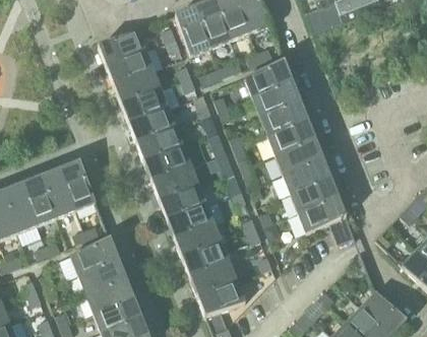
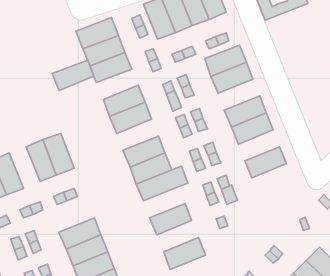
building: [121,88,169,123] -> [52,60,94,91]
building: [260,99,308,135] -> none
building: [144,145,192,181] -> none
building: [284,157,330,193] -> none
building: [21,177,57,224] -> none
building: [299,196,355,244] -> none
building: [175,222,223,258] -> none
building: [71,238,119,274] -> none
building: [190,261,238,296] -> none

